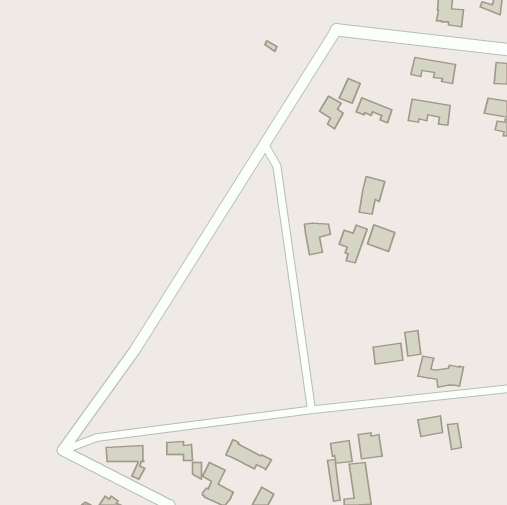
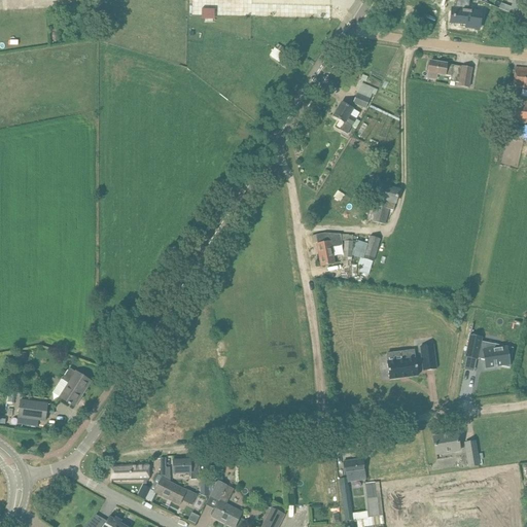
building: [356,98,392,123] -> none
building: [408,99,450,125] -> none
building: [368,225,395,251] -> none
building: none -> [60,366,91,405]
building: [418,356,464,387] -> [465,335,513,366]
building: none -> [17,398,47,420]
building: [358,433,382,459] -> none
building: [226,440,271,470] -> [149,472,197,503]

